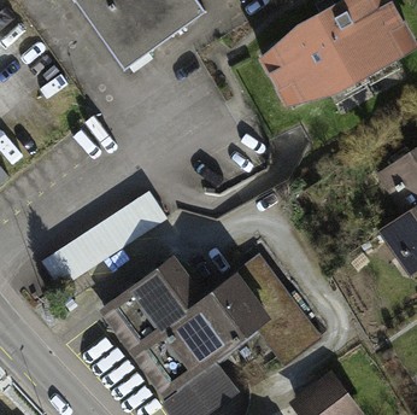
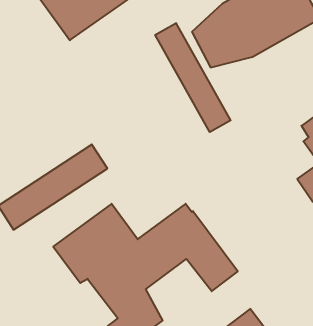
building: none -> [155,23,231,132]

